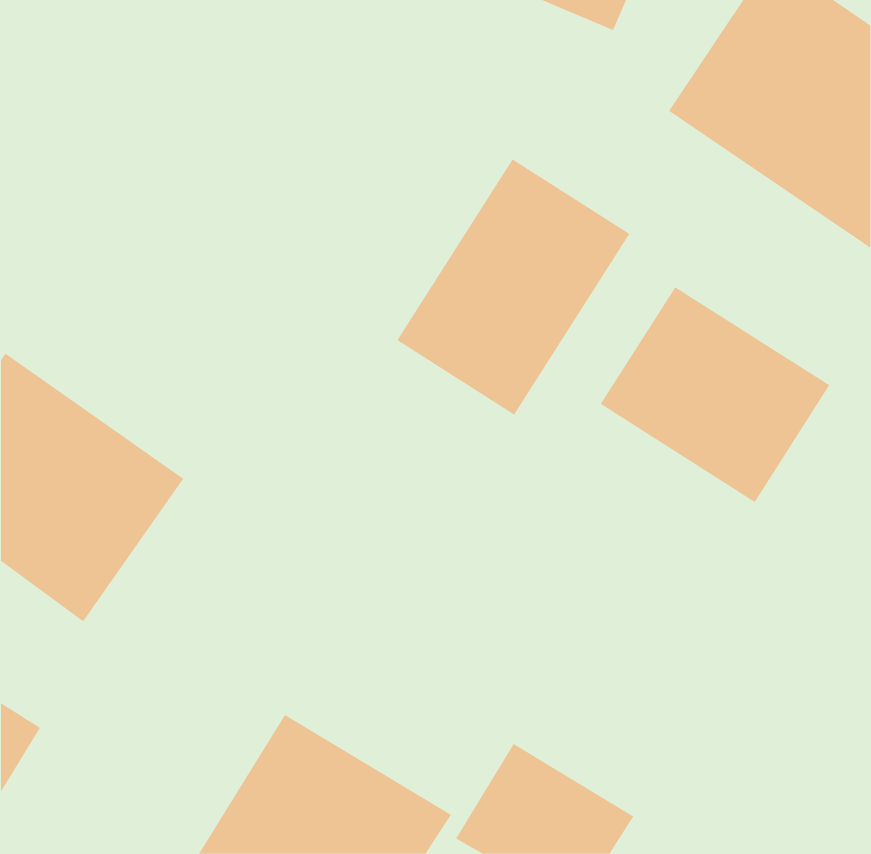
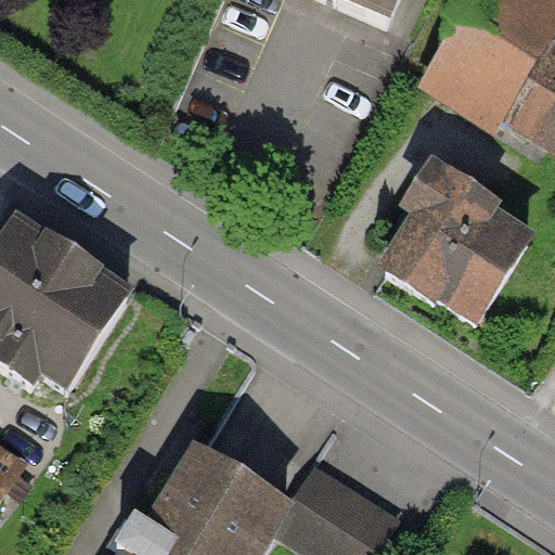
building: [397,159,630,416] -> none

